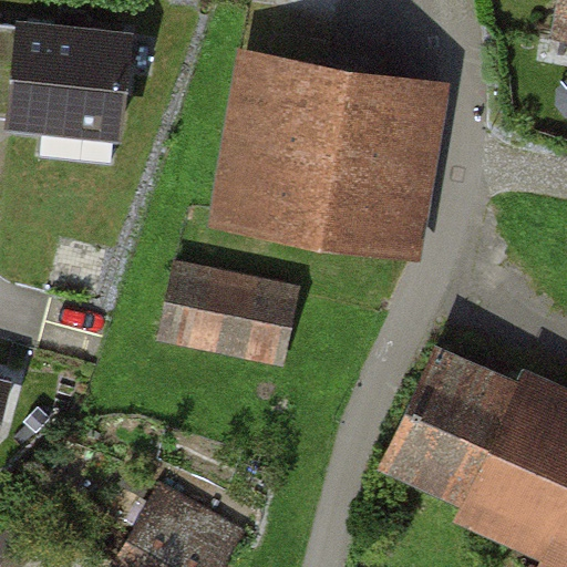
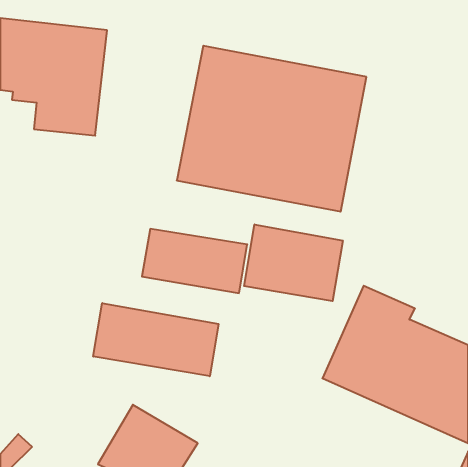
building: none -> [244,224,343,301]
building: none -> [93,303,218,376]

